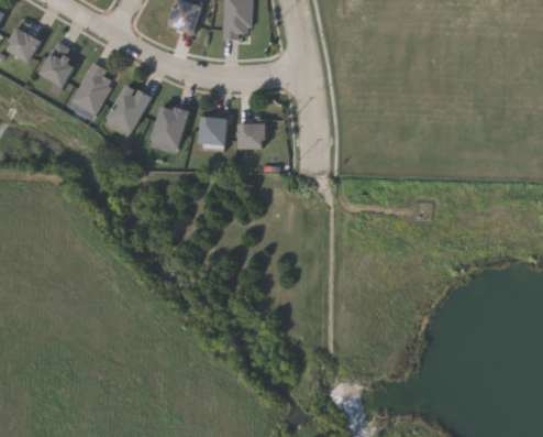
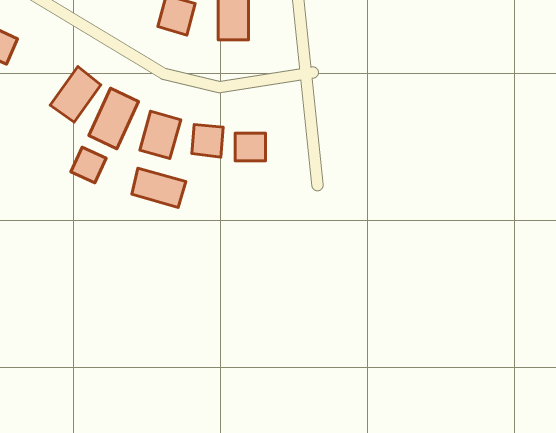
building: [38,43,80,86] -> none
building: none -> [71,147,106,183]
building: none -> [132,168,186,207]

